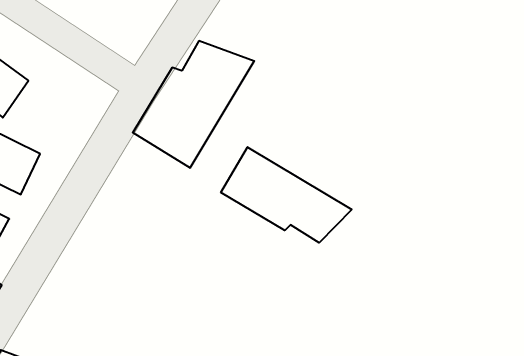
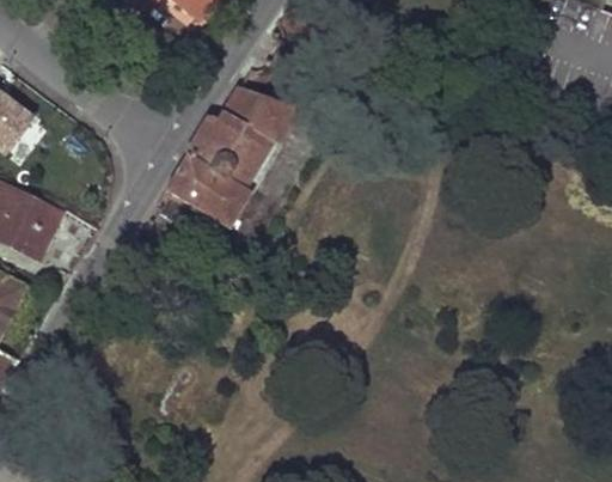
building: [221,147,352,243] -> none

